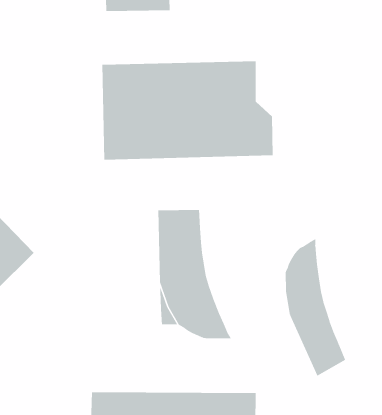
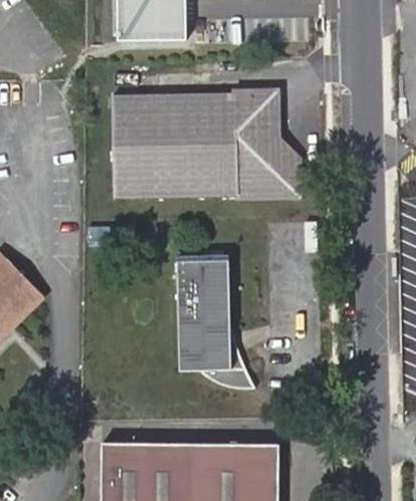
building: [285,238,346,377] -> none

